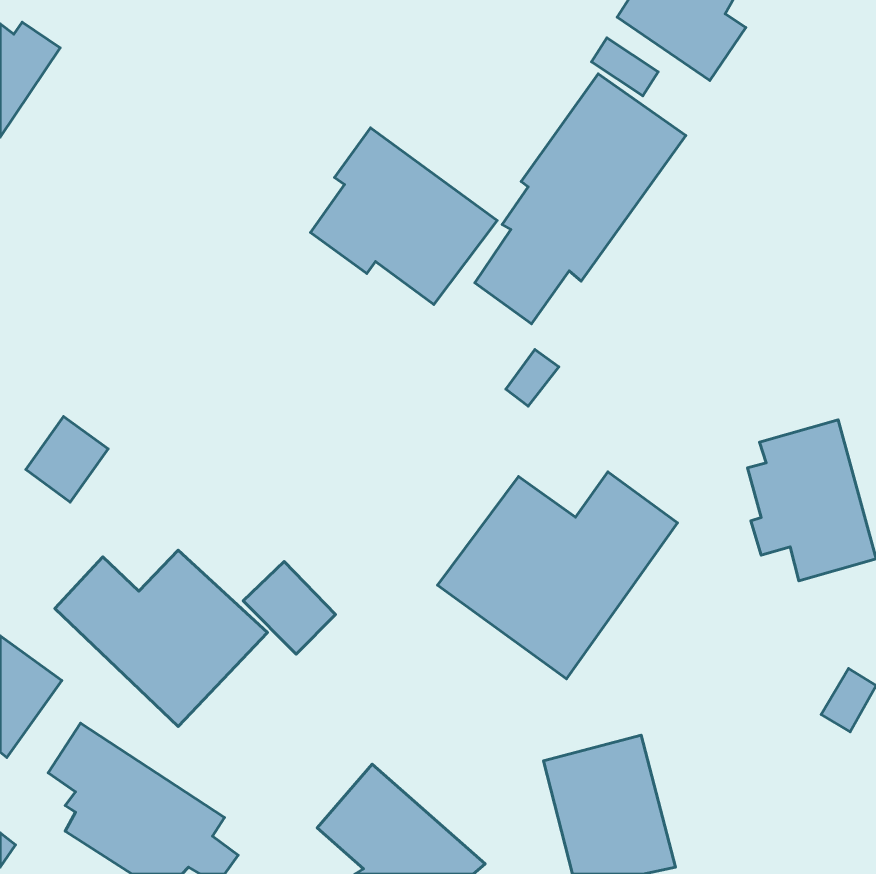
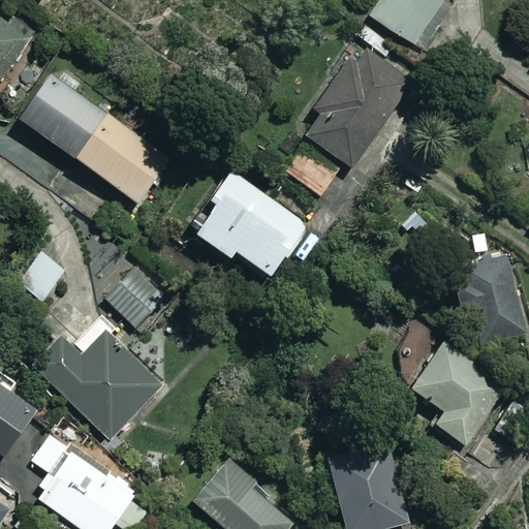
building: none -> [20,74,173,206]
building: [310,128,497,304] -> [195,170,308,277]
building: [437,472,678,679] -> none
building: [243,561,336,654] -> [103,273,159,329]
building: none -> [411,344,505,445]

